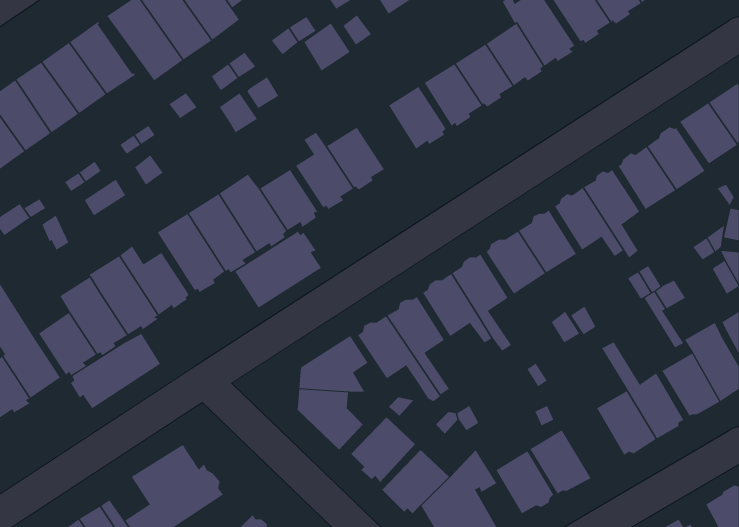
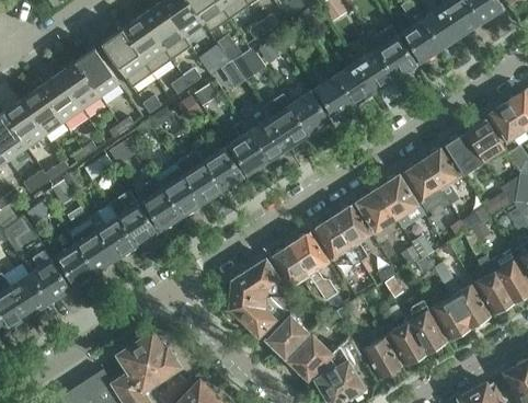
building: none -> [262,94,309,147]
building: [234,231,322,309] -> none
building: [70,333,161,409] -> none
building: none -> [408,301,446,355]

